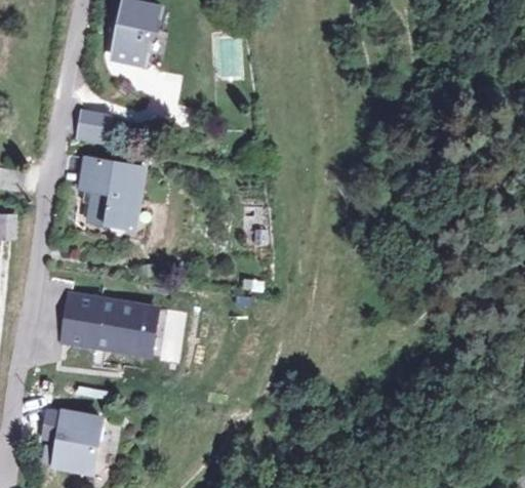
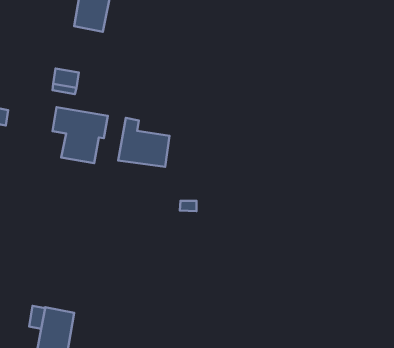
building: none -> [118,118,170,167]
building: [63,295,158,355] -> none

